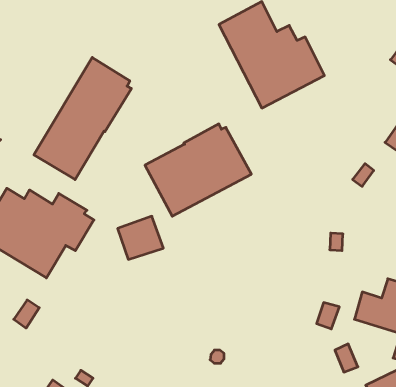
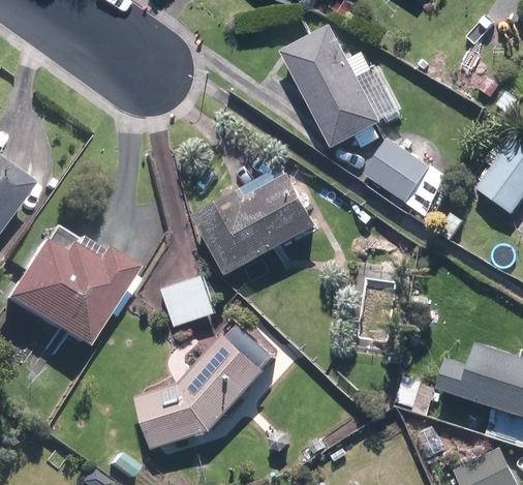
building: [34,57,131,180] -> none
building: none -> [363,137,444,215]
building: none -> [136,328,275,454]

